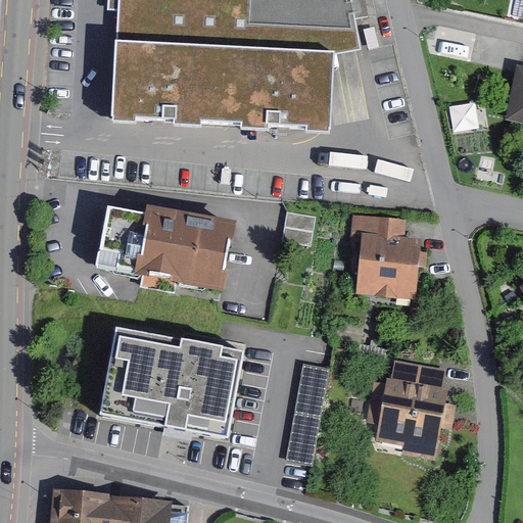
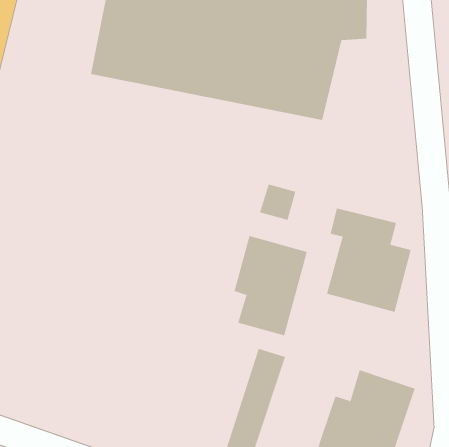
building: [97,203,234,289] -> none
building: none -> [234,235,308,336]
building: [100,328,244,435] -> none

